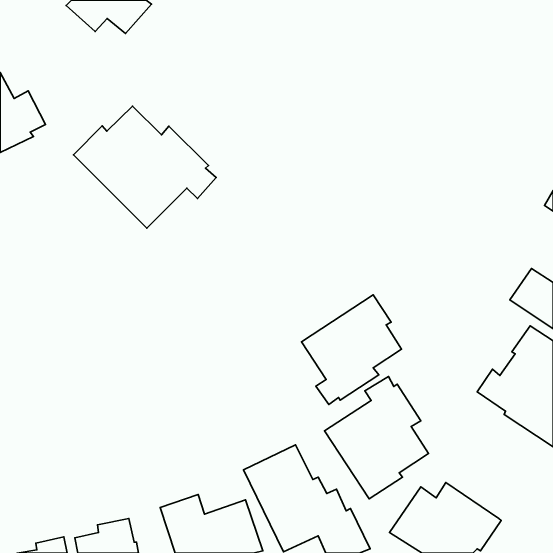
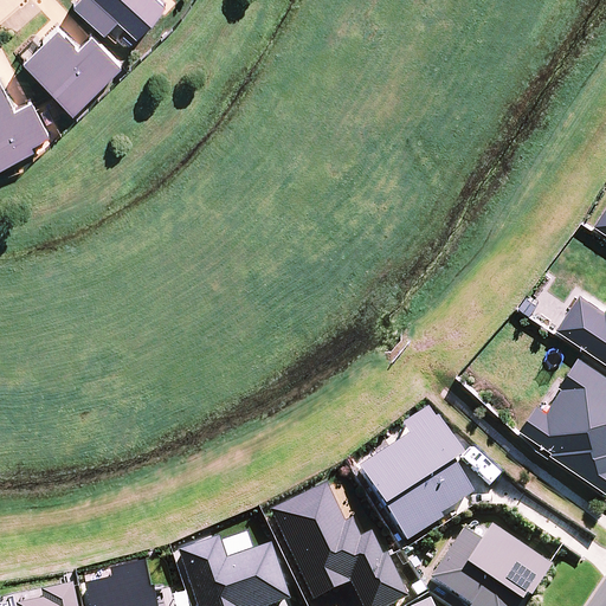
building: none -> [24,27,122,112]
building: [74,106,216,228] -> none
building: [301,295,401,404] -> none

